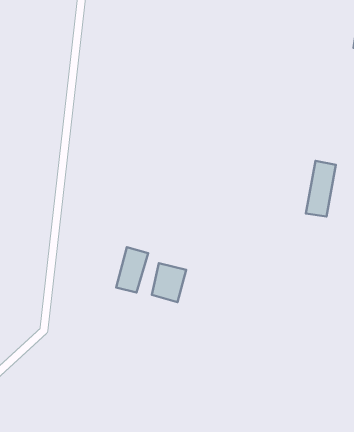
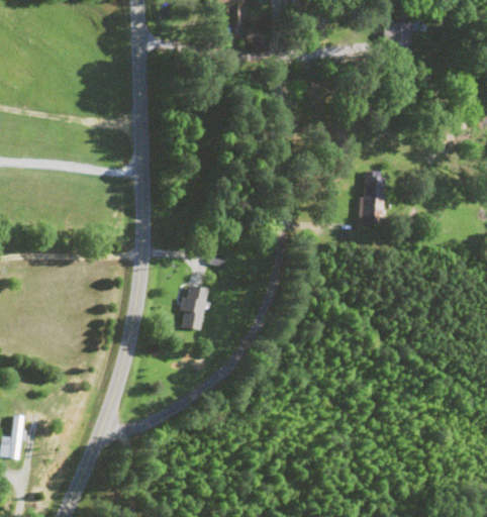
building: [152,263,186,302] -> none

